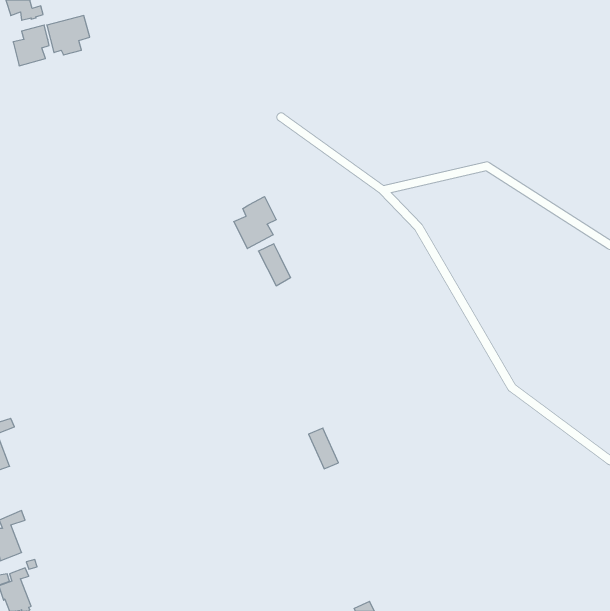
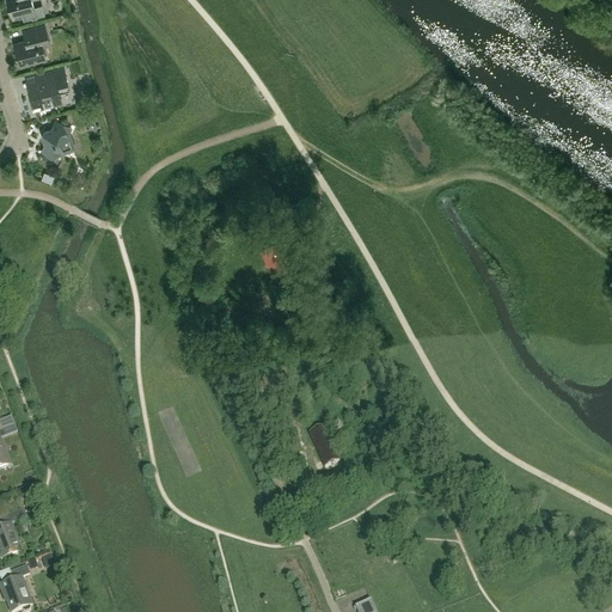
building: [47,16,90,55] -> [25,68,68,108]
building: none -> [41,121,71,159]
building: [234,197,276,249] -> none

